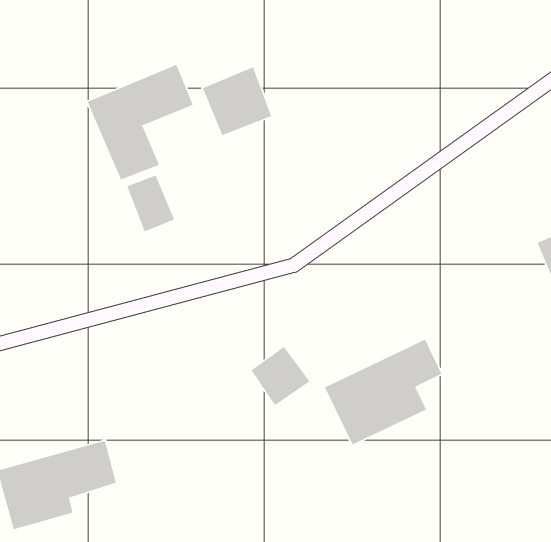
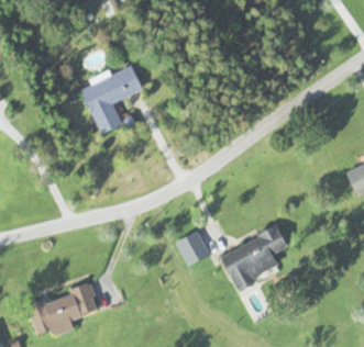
building: [202,66,272,136] -> none
building: [126,175,175,233] -> none

